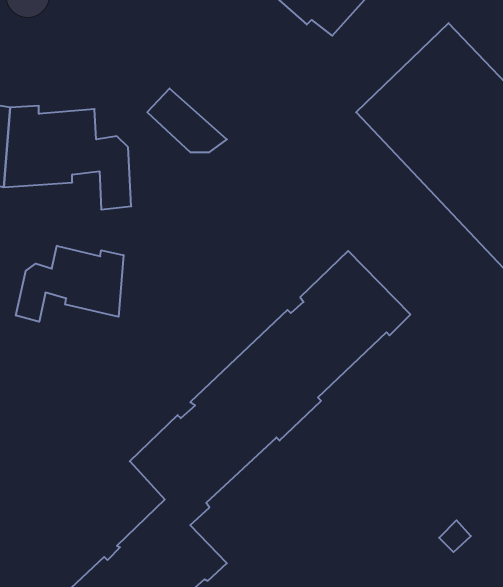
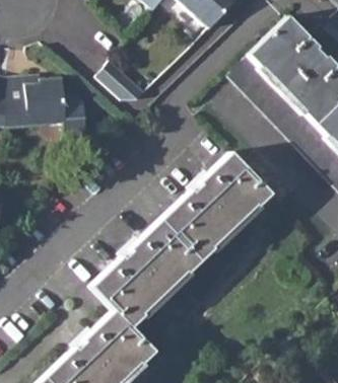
building: [16,246,124,322] -> none

